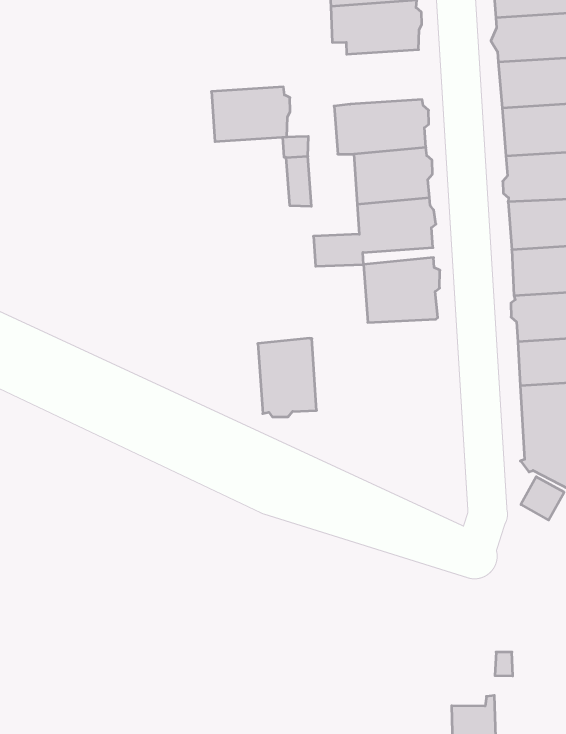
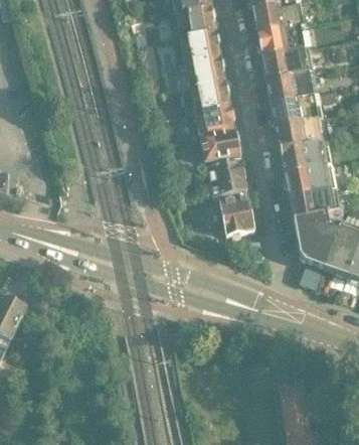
building: [211,87,290,142] -> [184,53,225,86]
building: [258,338,317,417] -> [220,192,254,235]

